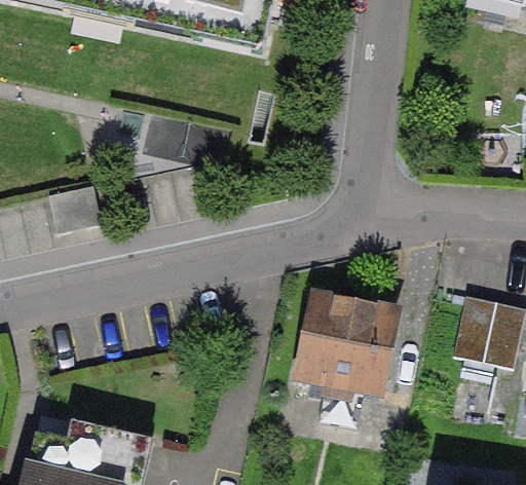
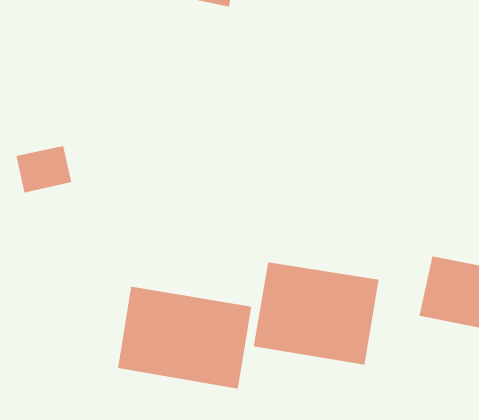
building: none -> [117,286,252,389]

